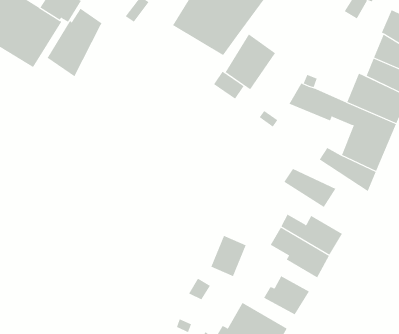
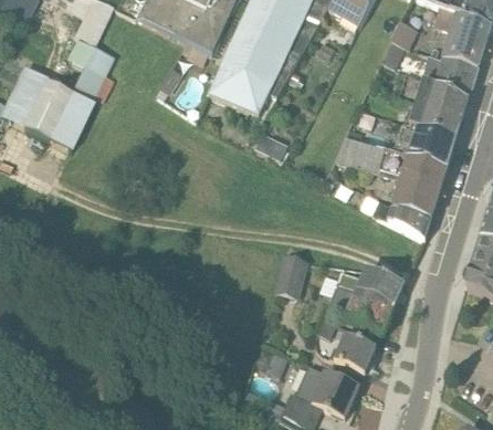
building: [47,8,102,77] -> none
building: [225,34,276,90] -> none
building: [284,168,336,208] -> none
building: [211,235,247,277] -> [273,251,307,292]

